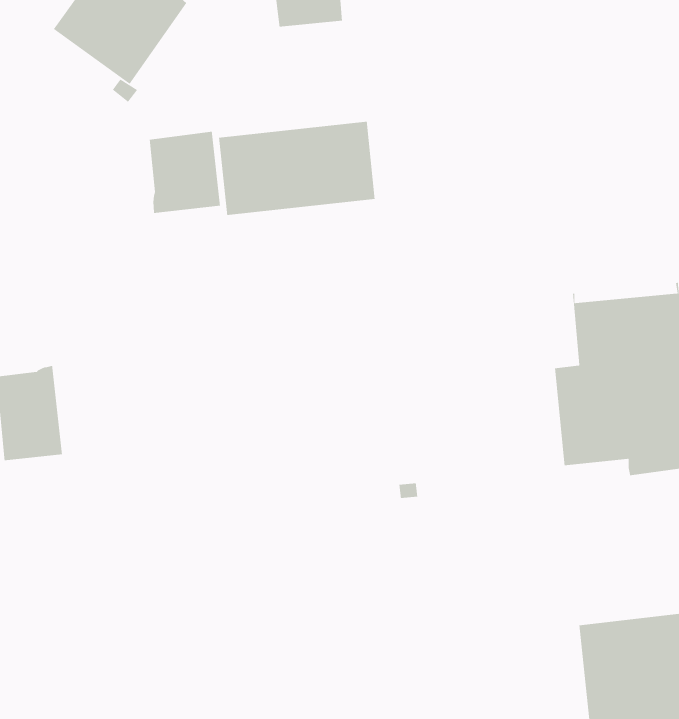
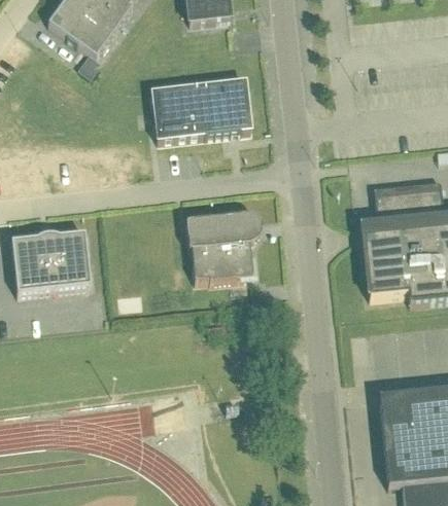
building: [149,131,221,214] -> none
building: none -> [185,212,262,279]
building: none -> [47,229,91,287]

